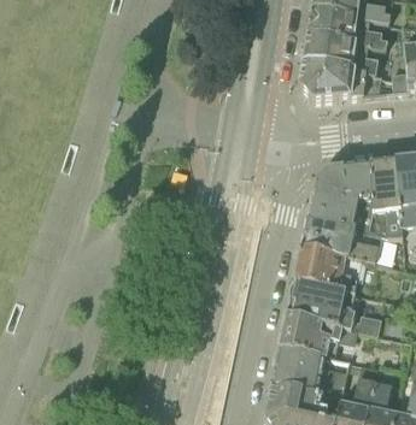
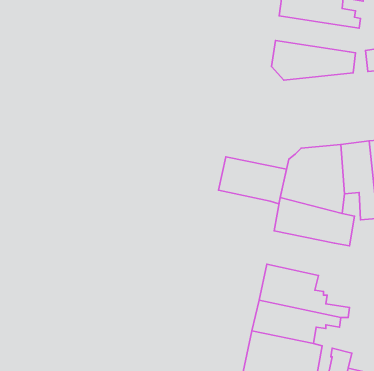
building: [303,39,377,73] -> none
building: [294,248,361,294] -> [218,157,286,204]

